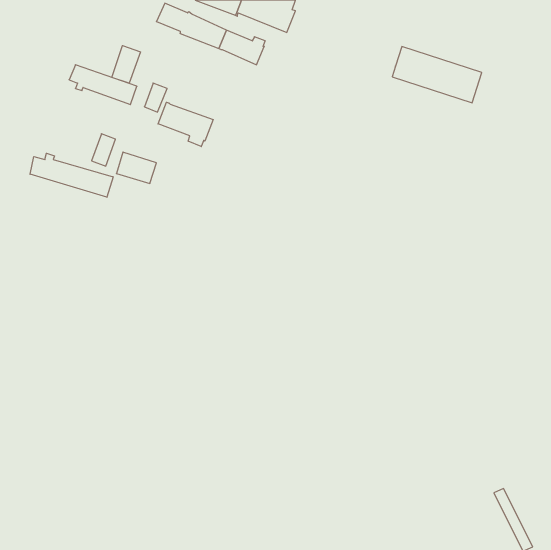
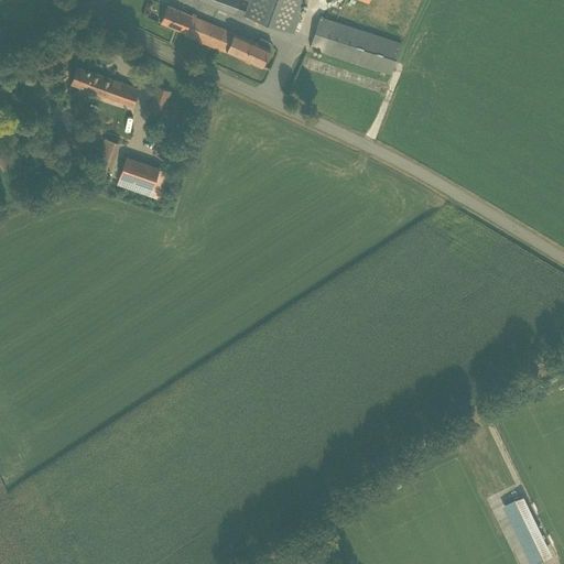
building: [112,46,141,83] -> none
building: [392,47,482,103] -> [310,17,401,74]
building: [158,102,213,147] -> none
building: [30,153,113,197] -> none

